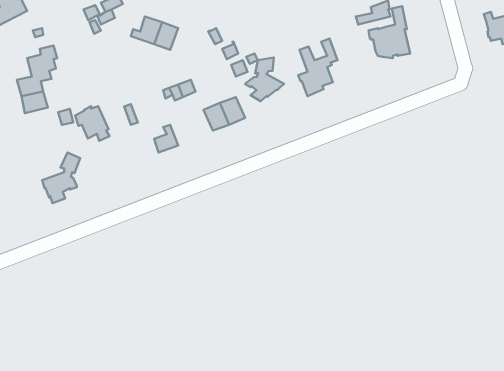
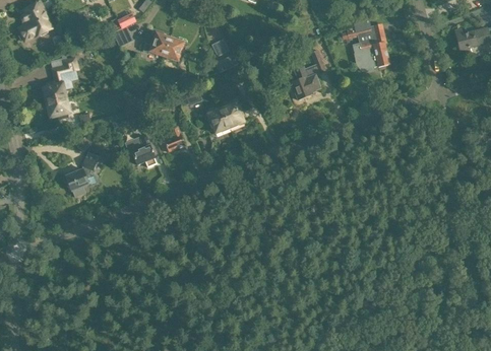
building: [245,58,284,101] -> none
building: [75,106,110,141] -> [126,136,157,166]

